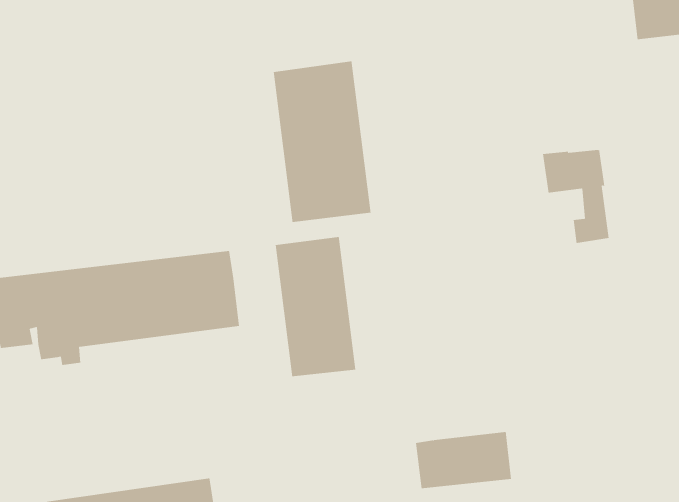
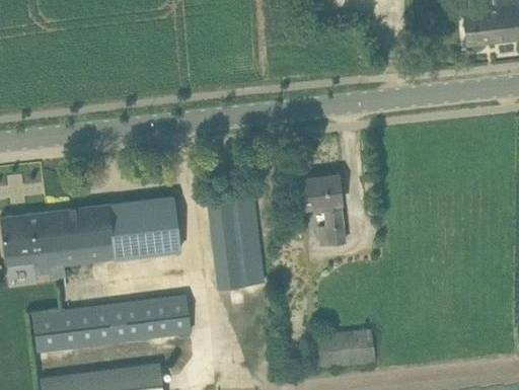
building: [273,60,371,223] -> none
building: [542,147,609,244] -> [297,176,346,246]
building: none -> [34,294,193,352]

